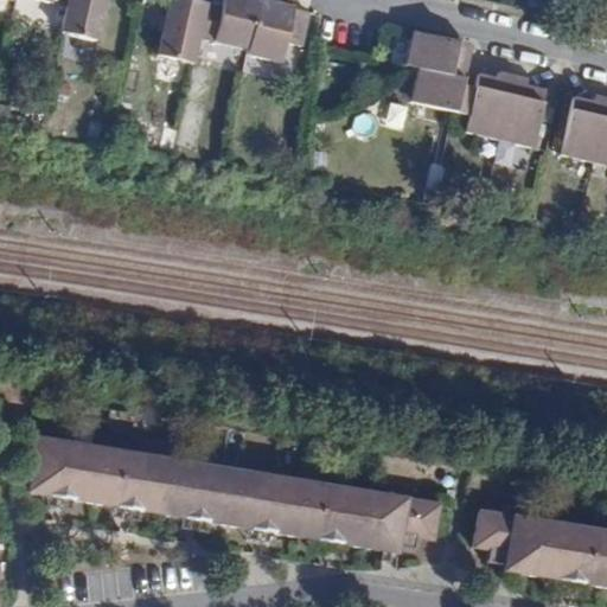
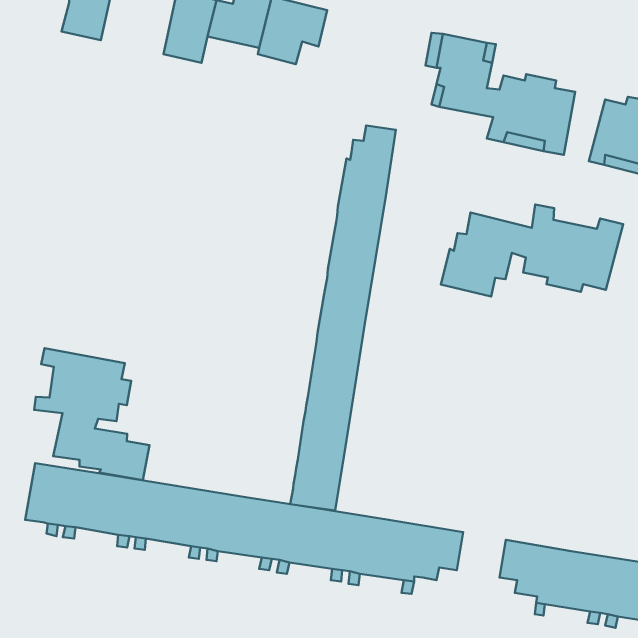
building: none -> [290,125,396,510]
building: none -> [441,204,623,296]
building: none -> [34,348,149,480]

